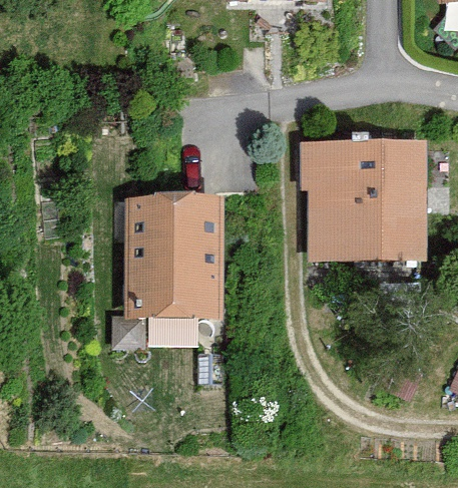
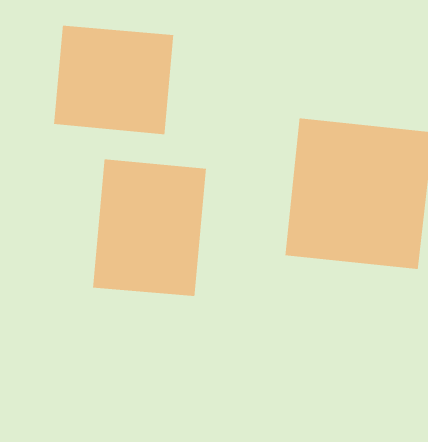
building: none -> [53,25,174,135]

